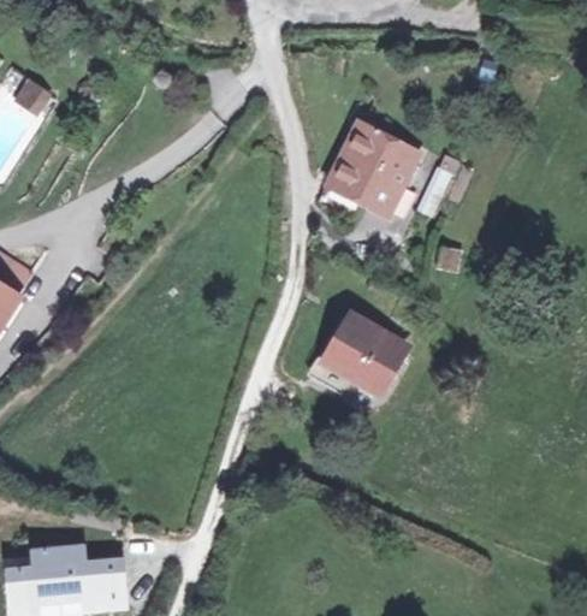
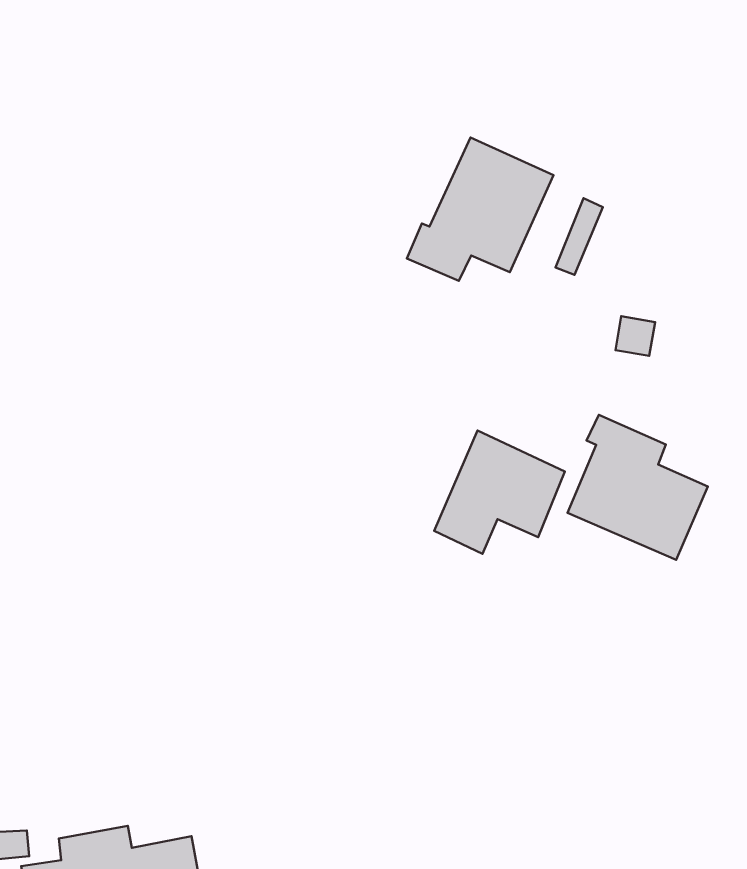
building: none -> [568,415,708,560]

